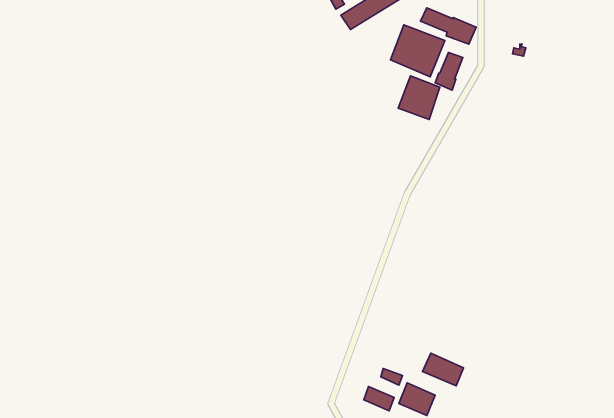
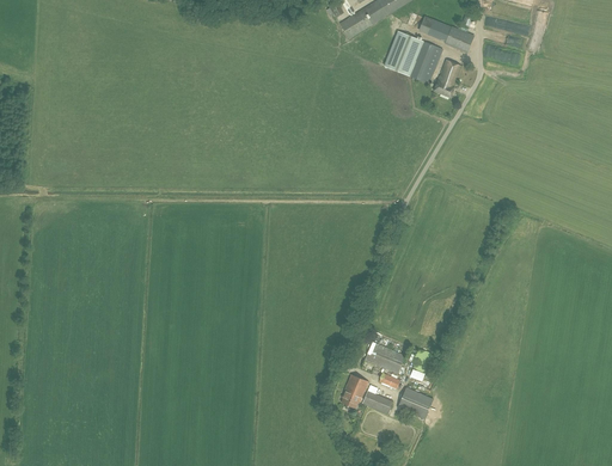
building: [398,76,440,119] -> none
building: [422,353,464,386] -> [362,341,403,373]
building: none -> [339,374,367,409]

